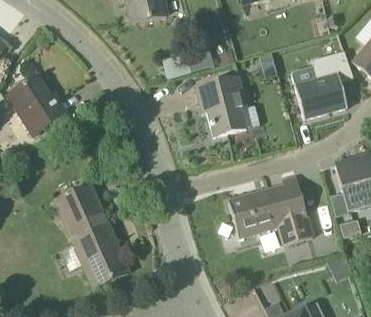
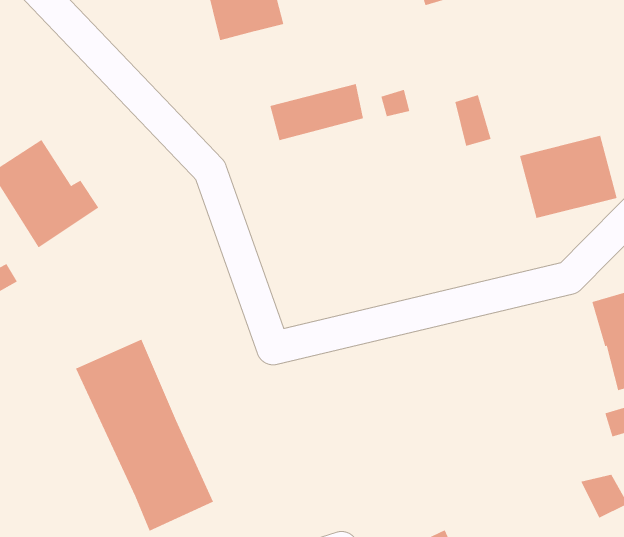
building: [195,76,247,136] -> none
building: [228,175,314,245] -> none

